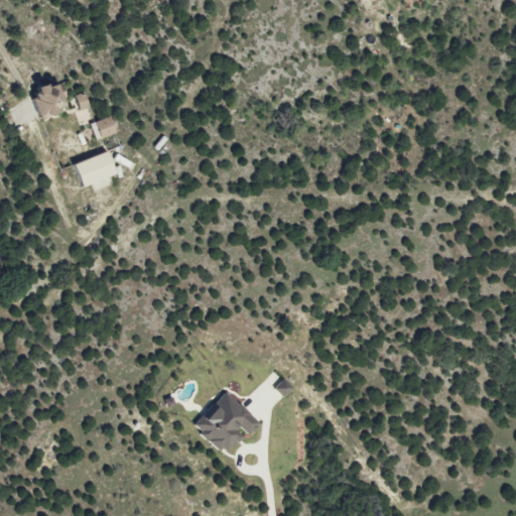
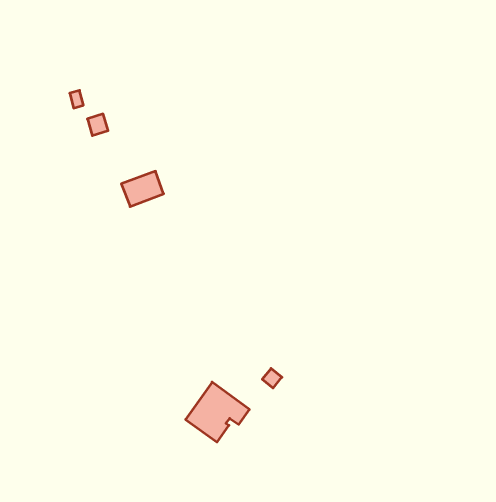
building: [39,83,66,114] -> none
building: [73,151,116,187] -> [121,171,164,207]

